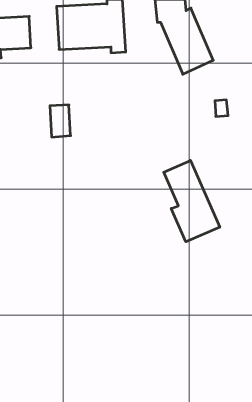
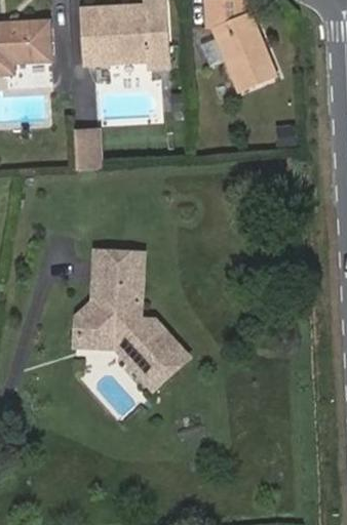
building: [164,160,220,242] -> none
building: none -> [75,250,189,389]

